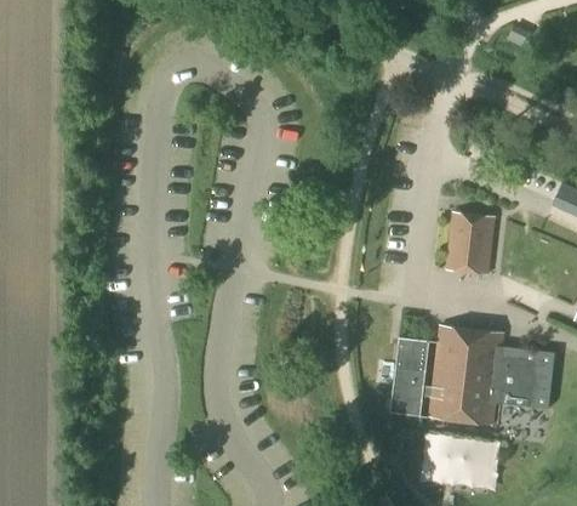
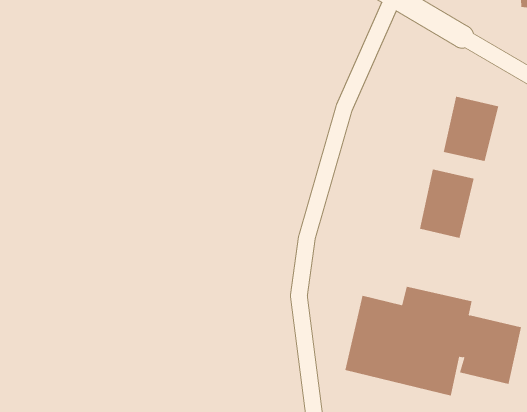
building: none -> [443,96,499,162]

